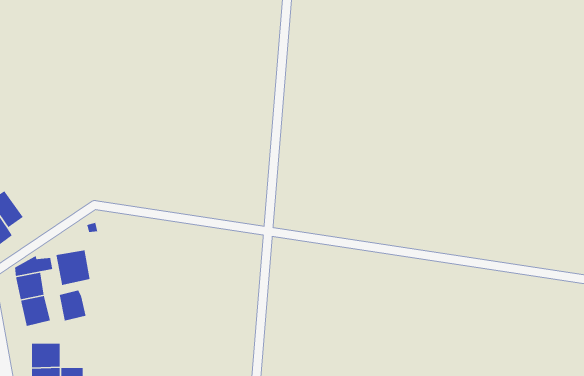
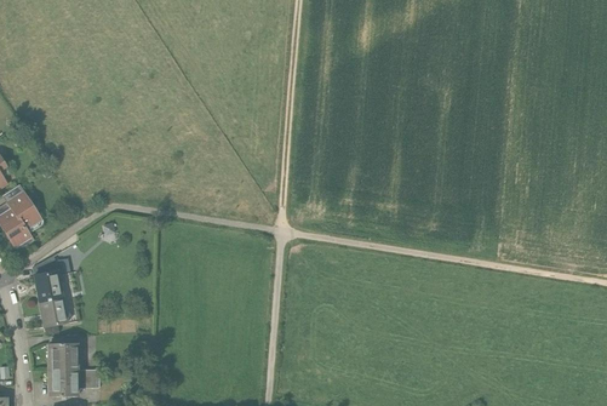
building: [55,249,91,286] -> none
building: [59,290,86,322] -> none

